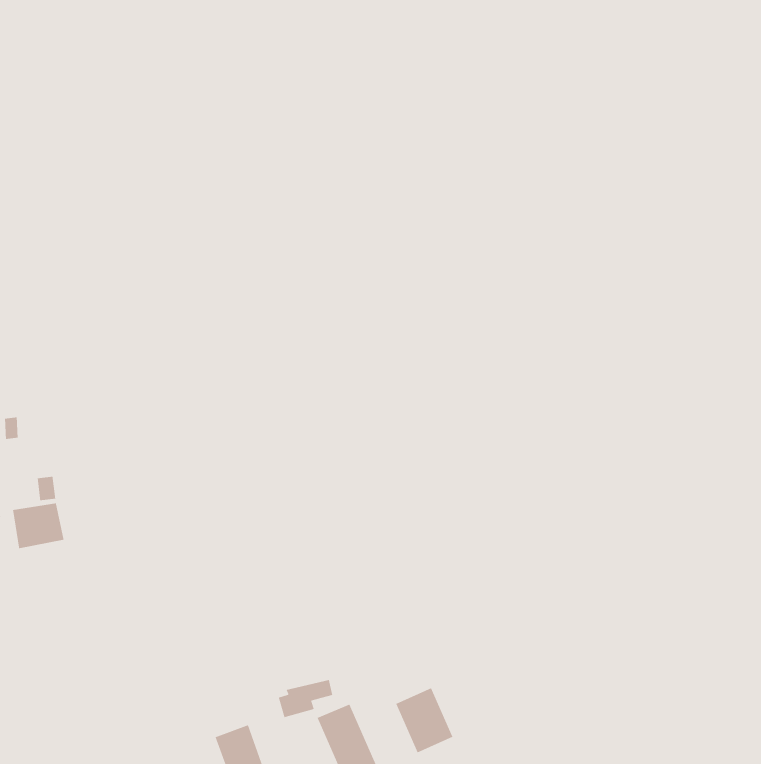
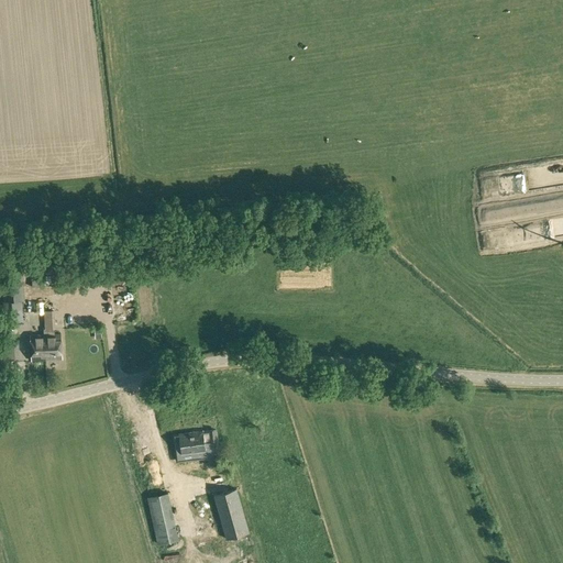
building: [278,679,333,718] -> [180,431,217,453]
building: [395,687,453,754] -> none

